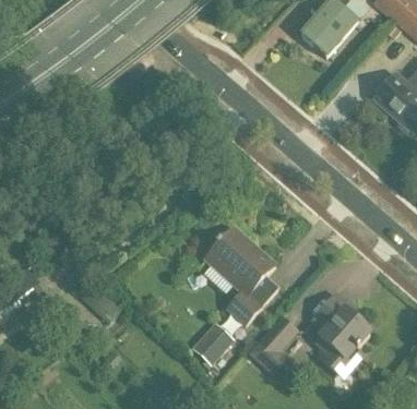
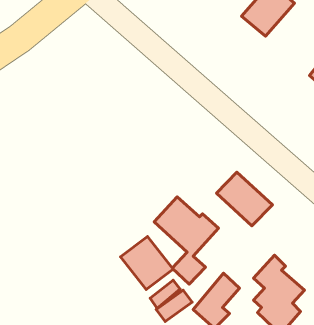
building: none -> [217,172,272,226]
building: none -> [121,237,173,289]

